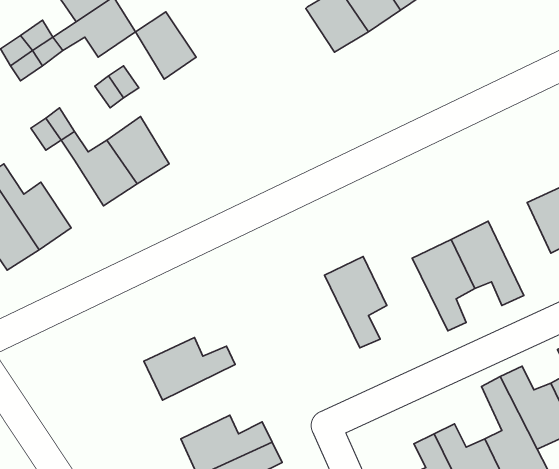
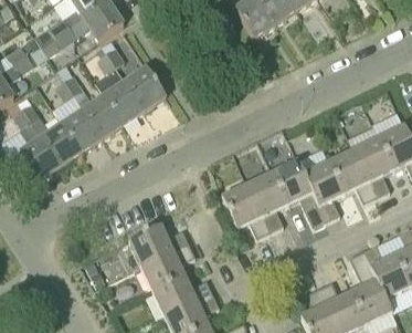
building: [135,12,196,79] -> [126,65,166,110]
building: none -> [61,107,102,152]
building: none -> [353,135,394,196]
building: none -> [272,158,327,226]
building: none -> [221,183,270,237]
building: none -> [140,241,194,290]

